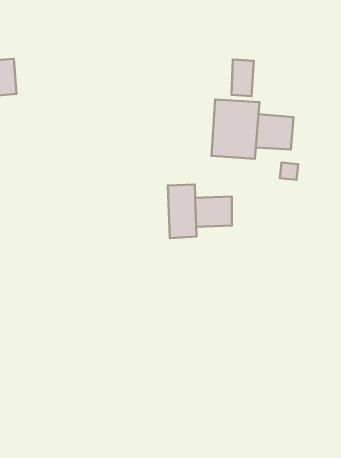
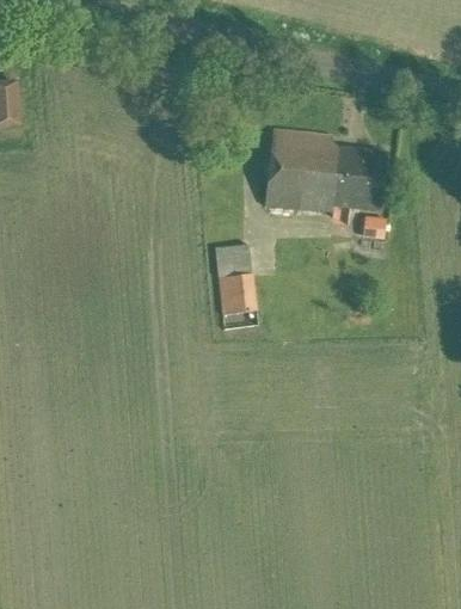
building: [231,59,254,96] -> none
building: [195,197,232,227] -> none

